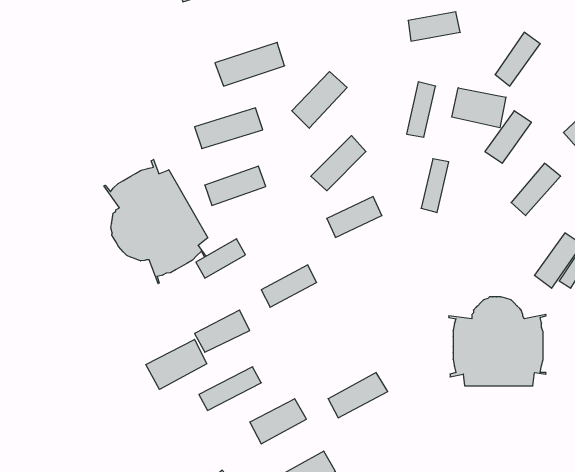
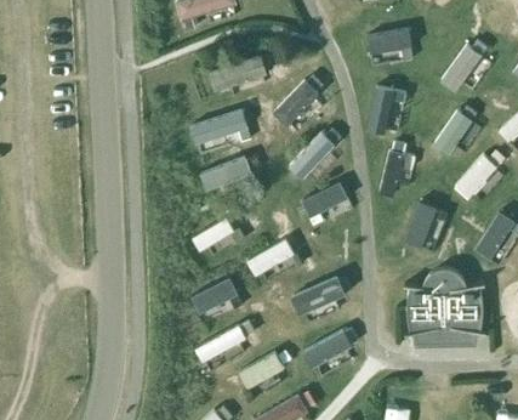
building: [452,88,506,128] -> none
building: [104,159,208,284] -> none
building: none -> [406,203,438,248]
building: none -> [291,277,347,316]
building: [146,339,207,389] -> none

